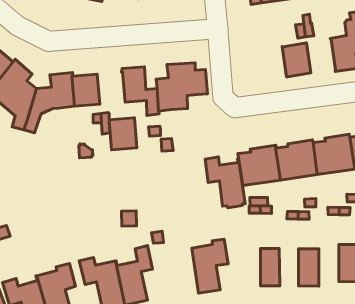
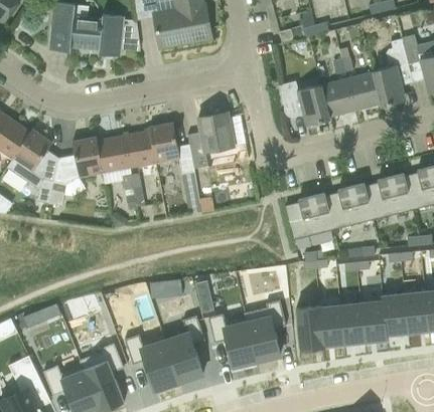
building: none -> [346,72,381,111]
building: none -> [280,81,329,126]
building: [109,118,137,150] -> [123,131,156,168]
building: [205,157,245,208] -> [208,314,257,368]
building: none -> [382,293,408,341]
building: none -> [295,306,323,350]
building: none -> [339,302,365,345]

